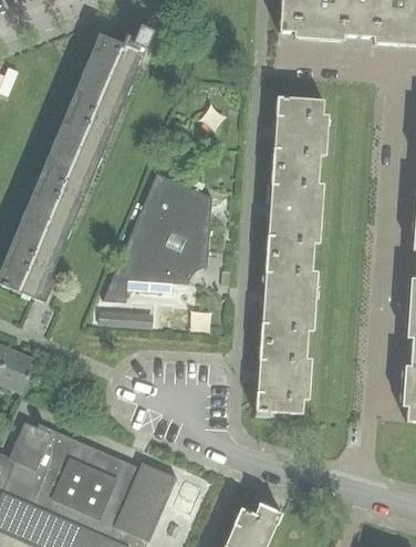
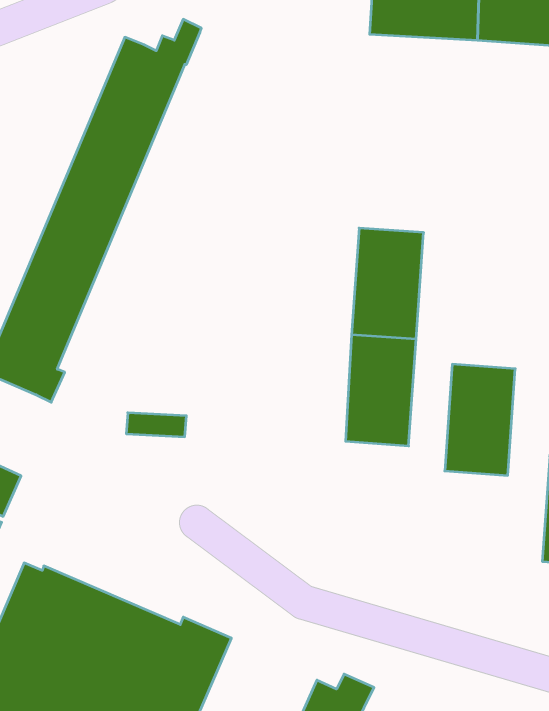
building: [271,95,324,177] -> none
building: [103,172,212,301] -> none
building: [256,331,308,413] -> [445,364,515,475]

